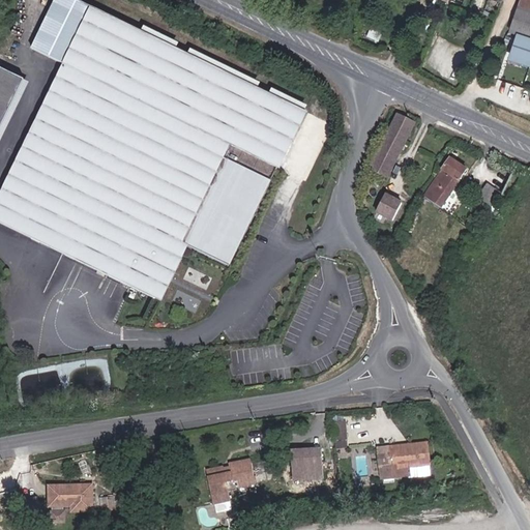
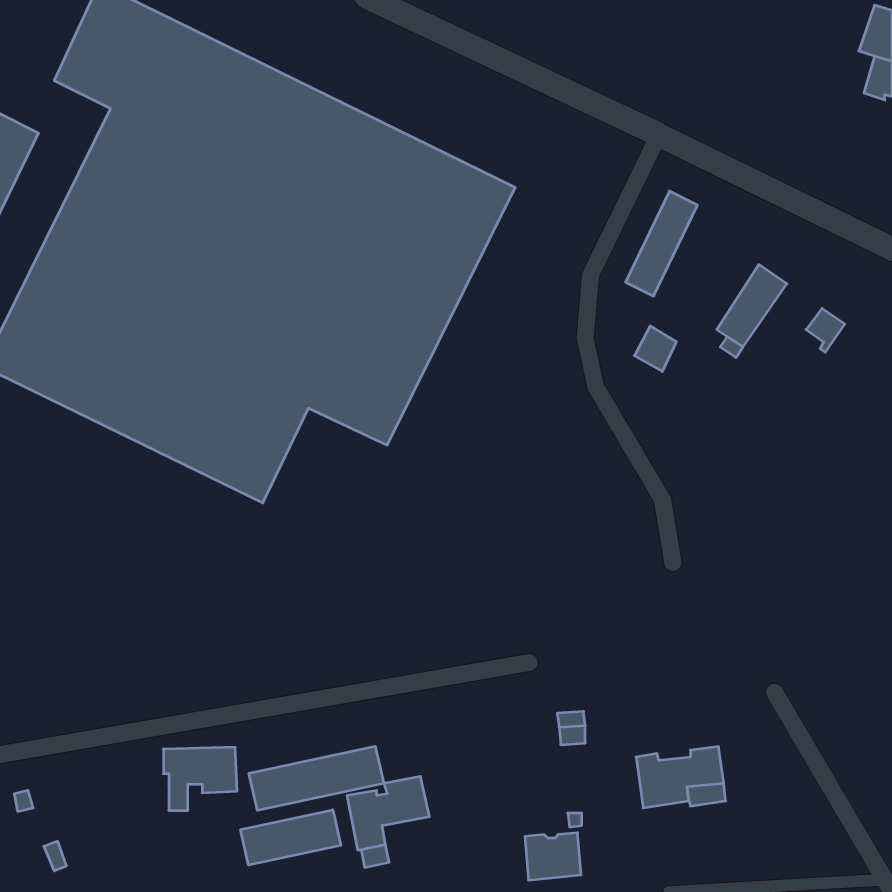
building: none -> [249,746,384,810]
building: [289,449,322,477] -> [525,833,581,880]
building: none -> [241,810,341,865]
building: [48,483,91,521] -> [163,747,237,810]

